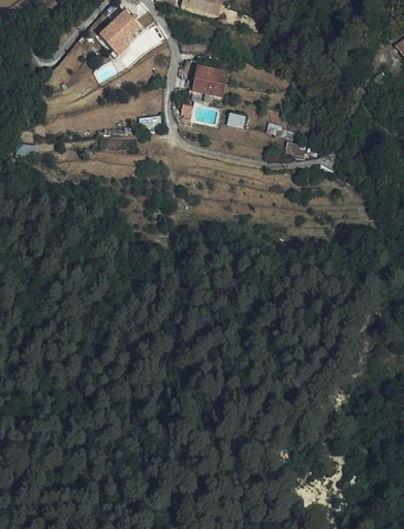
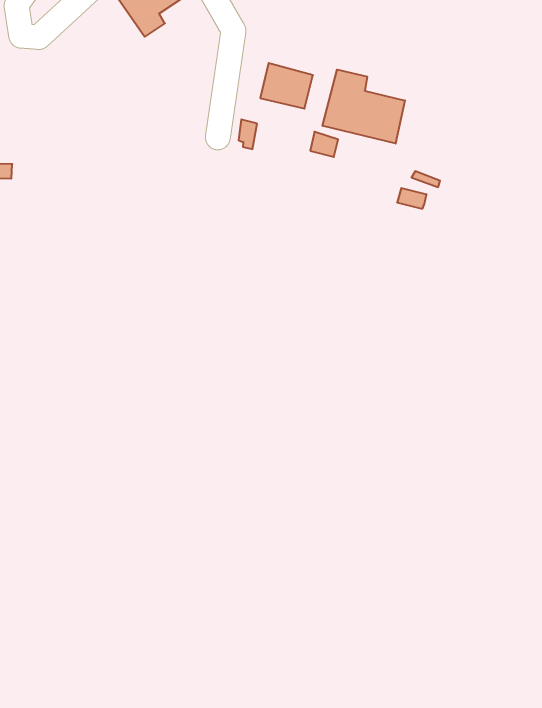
building: none -> [323,70,405,144]

